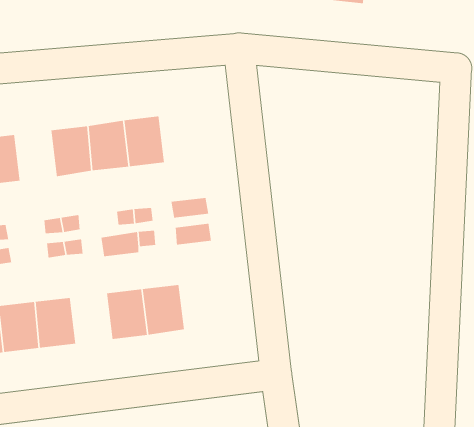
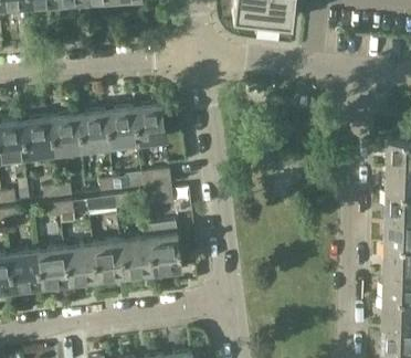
building: none -> [133,104,166,144]
building: none -> [21,118,53,158]
building: none -> [147,222,181,273]
building: none -> [64,244,96,284]

